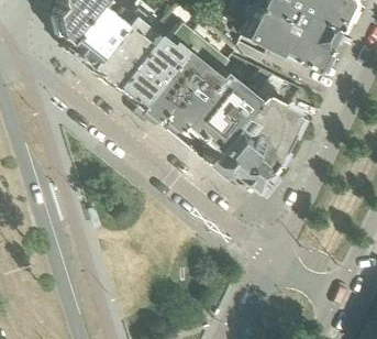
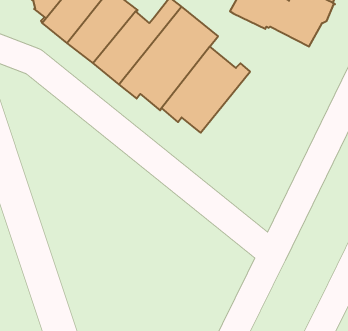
building: [214,94,301,189] -> none

